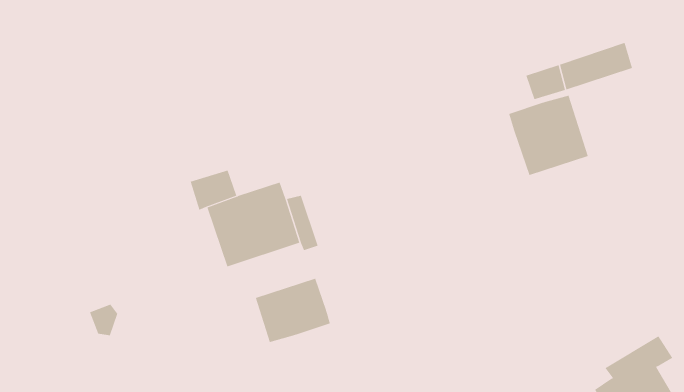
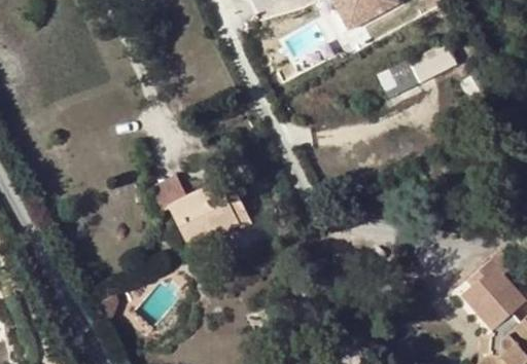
building: [508,95,589,176] -> none
building: [255,278,330,343] -> none

